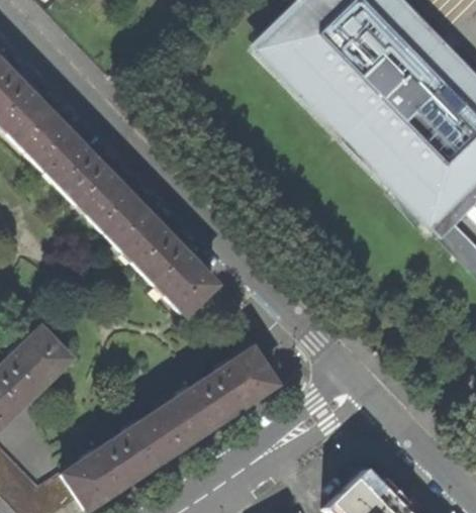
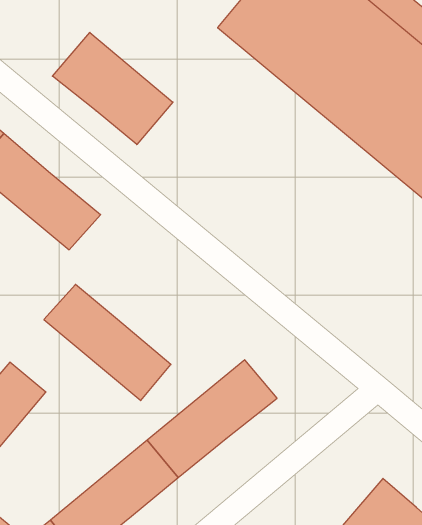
building: none -> [52,32,173,145]
building: [108,202,217,312] -> [44,284,171,401]

